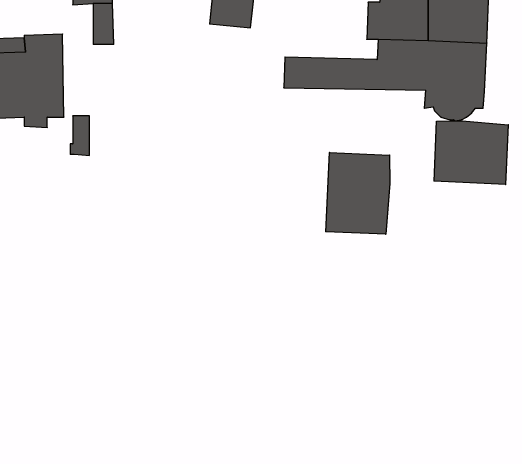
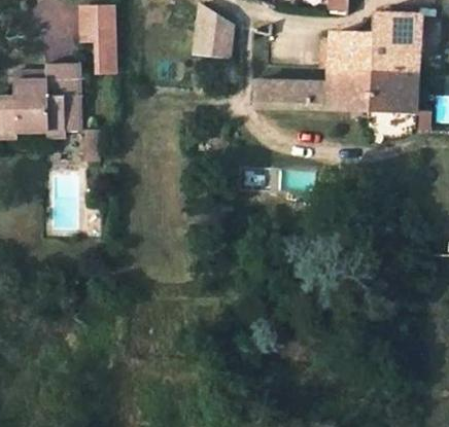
building: [434,121,508,185] -> none
building: [326,152,390,234] -> none

